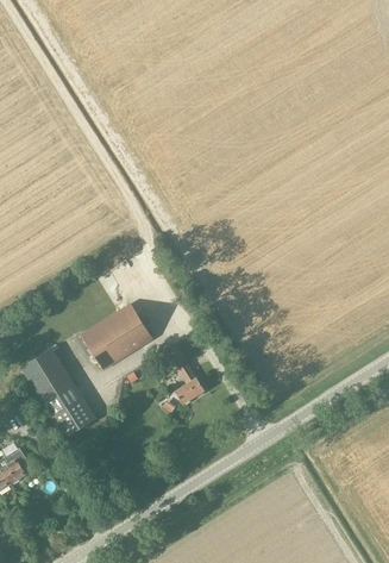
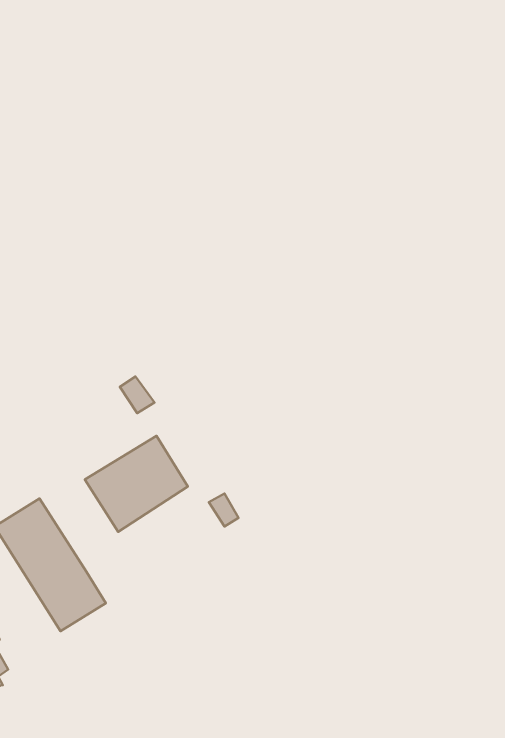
building: [175,364,205,405] -> none

